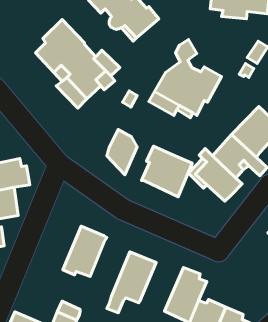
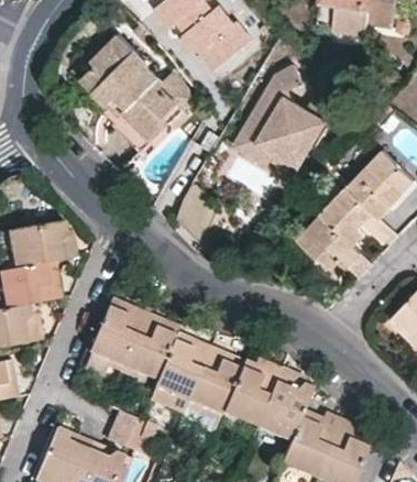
building: [142,146,192,197] -> none
building: none -> [90,297,145,370]
building: none -> [150,332,210,415]
building: none -> [223,358,282,425]

